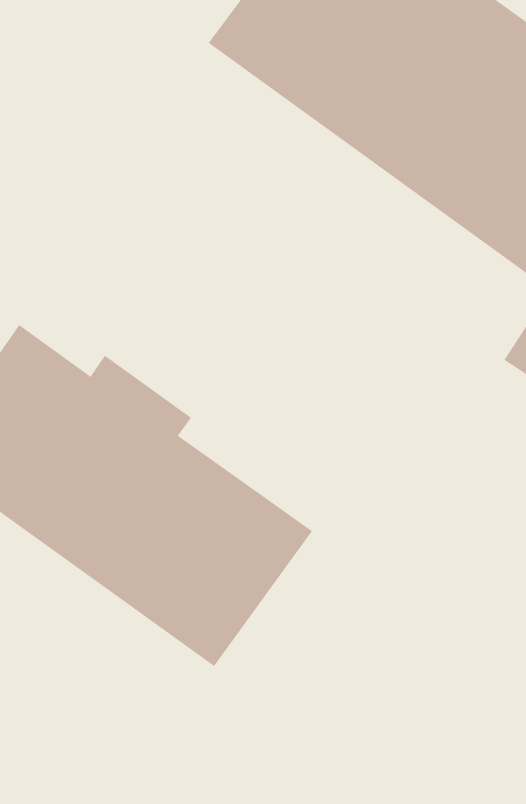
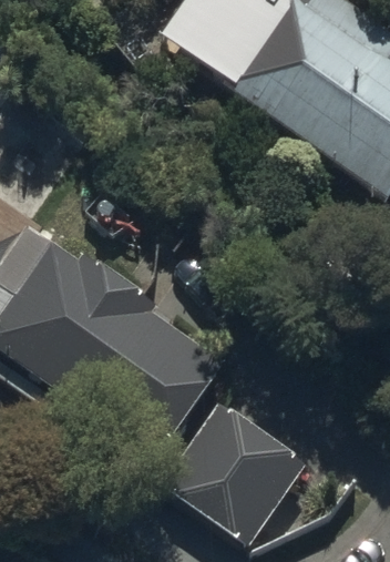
building: none -> [164,409,301,546]

